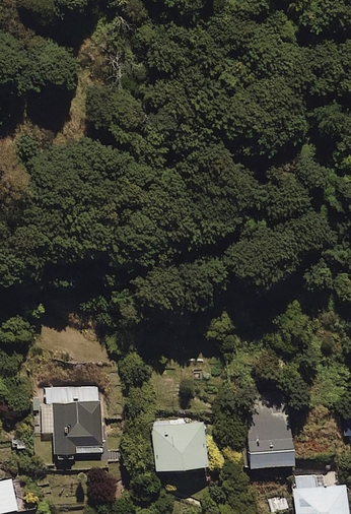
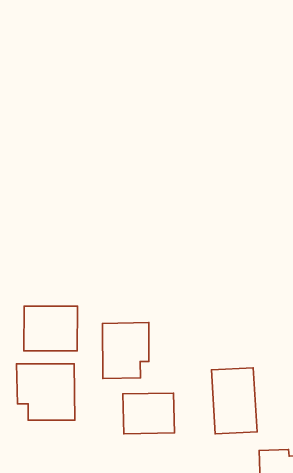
building: none -> [24,306,77,351]
building: none -> [102,323,149,379]

